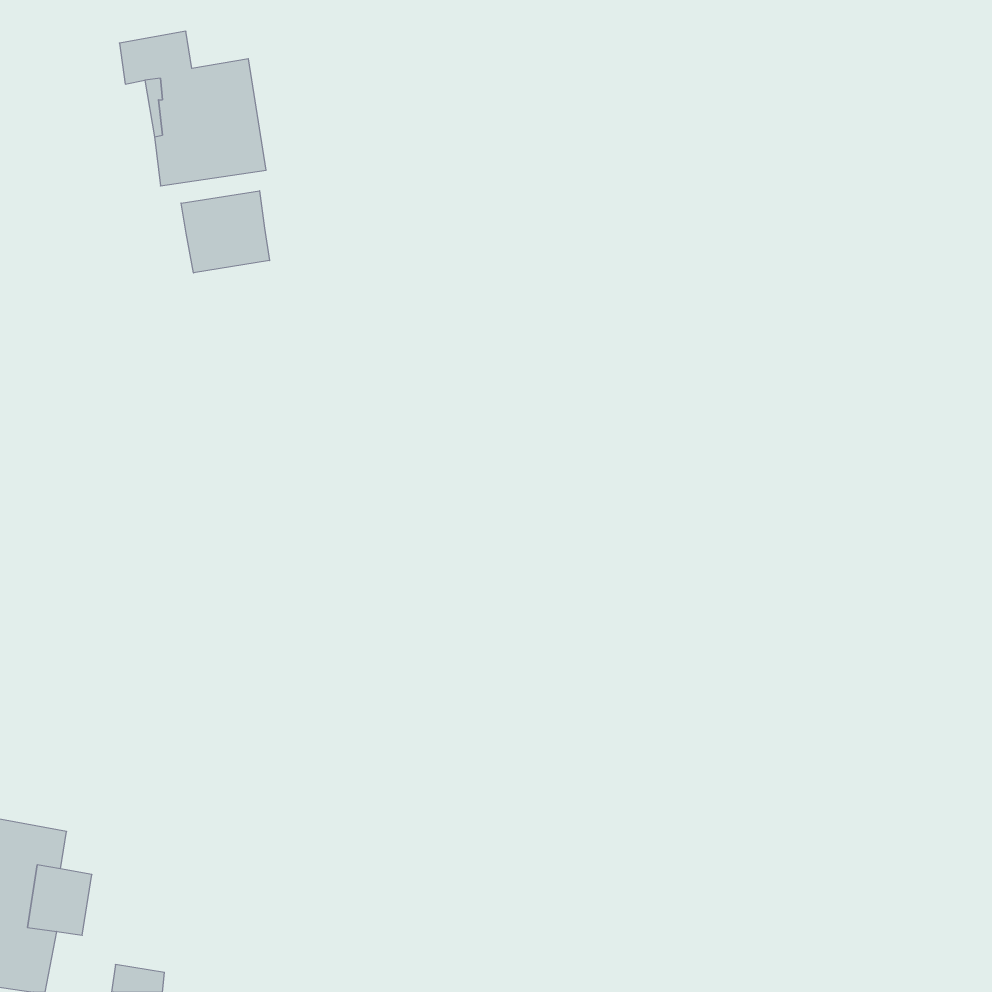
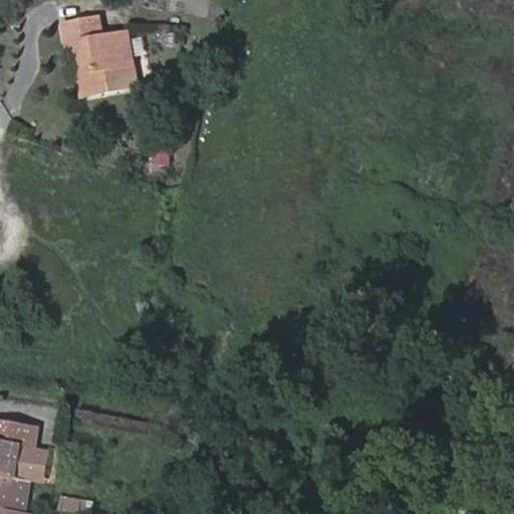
building: [181,191,270,273] -> none

